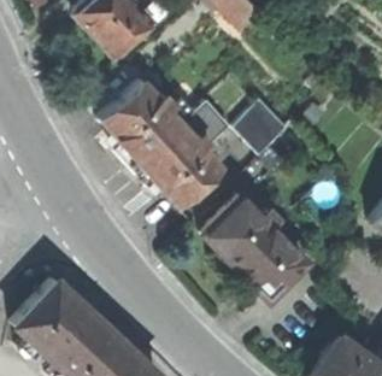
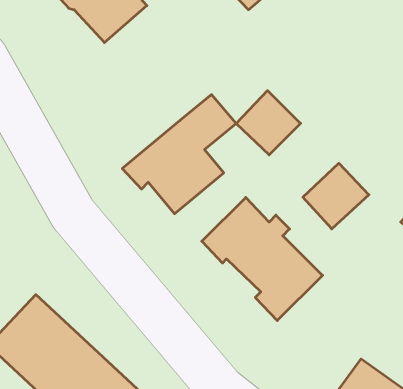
building: [100,78,182,166] -> none
building: none -> [303,163,369,229]

